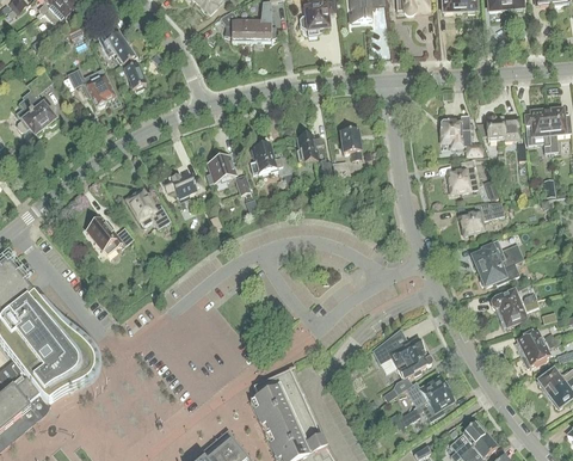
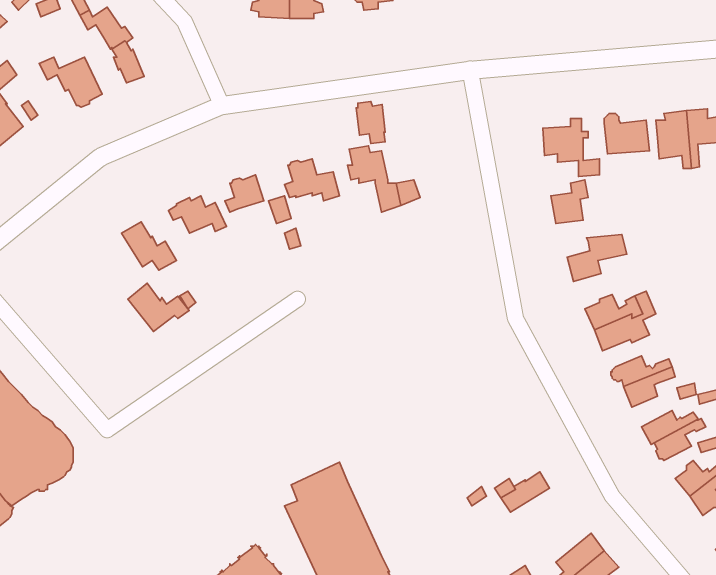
building: [340,128,362,159] -> [356,101,385,143]
building: [88,219,134,254] -> [128,283,189,332]
building: [372,336,431,379] -> none
building: [392,388,452,431] -> none

